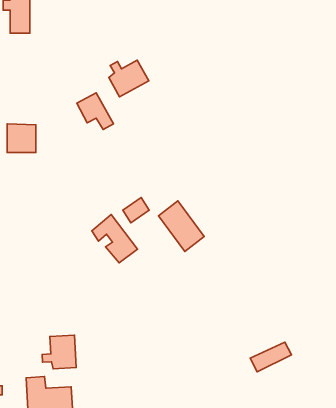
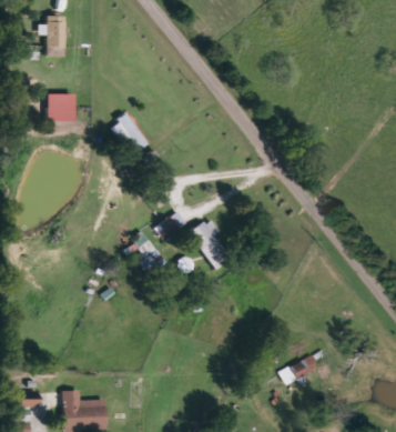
building: [109,60,149,97] -> none
building: [7,124,36,152] -> [47,93,74,121]
building: [42,335,76,369] -> none

